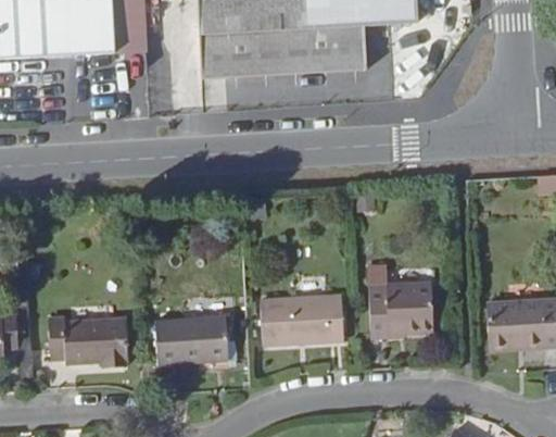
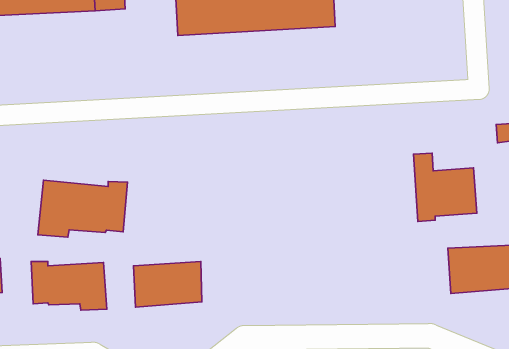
building: none -> [38,180,127,237]
building: [367,264,433,336] -> [414,153,477,221]
building: [261,296,344,345] -> none

